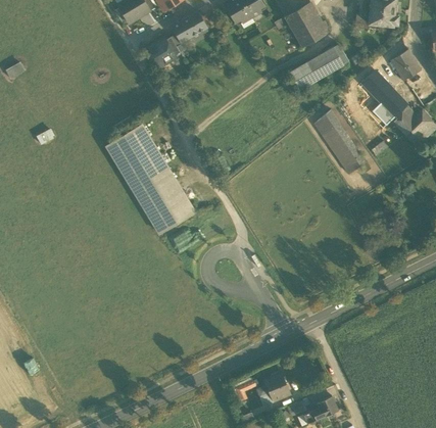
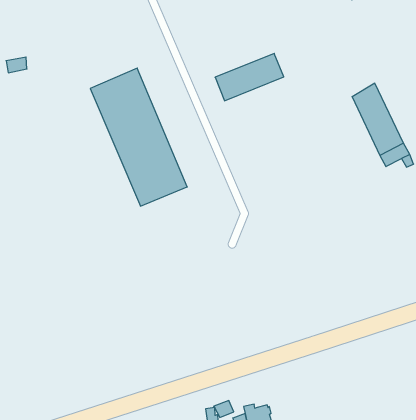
building: [290,47,344,90] -> [215,53,284,101]

